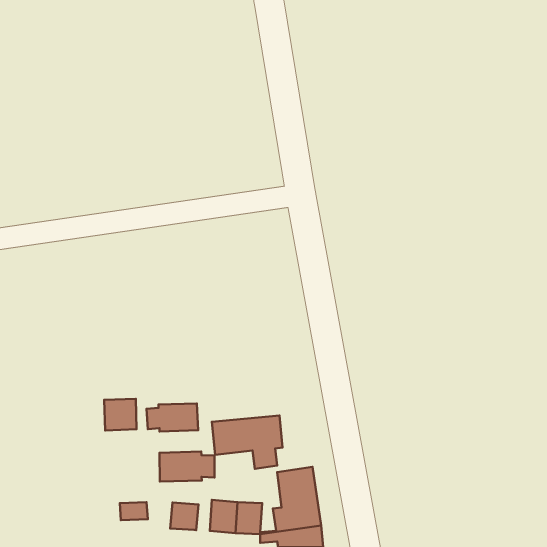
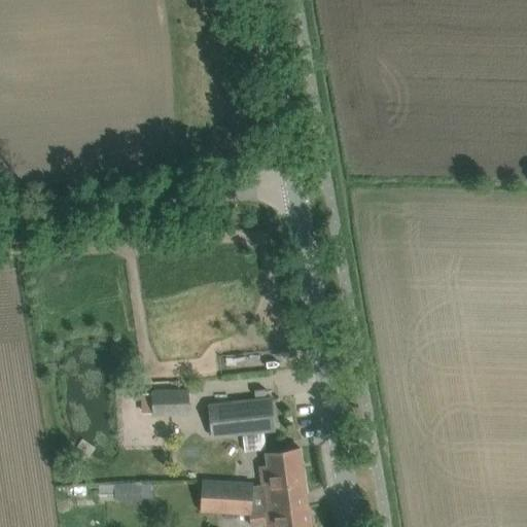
building: [104,399,137,431] -> none
building: [159,452,214,482] -> none
building: [170,503,198,530] -> none

